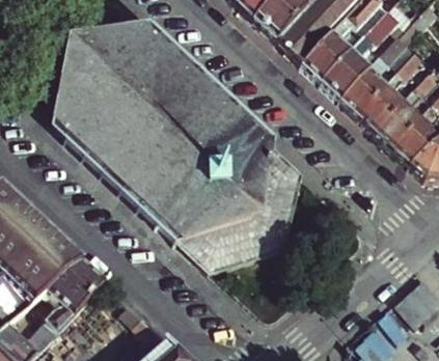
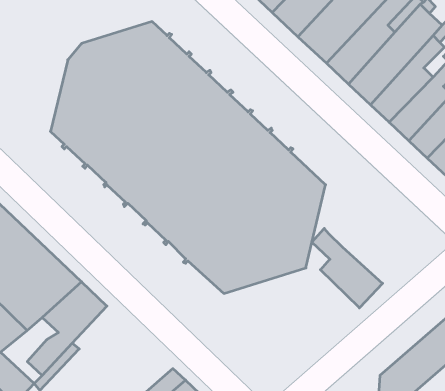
building: [49,18,146,124] -> none
building: none -> [312,228,383,308]

